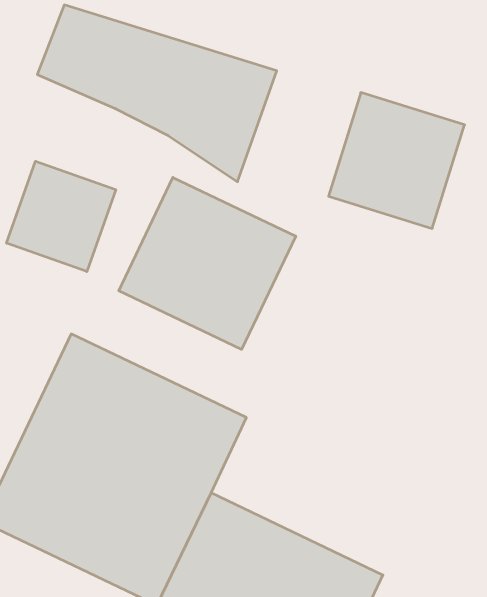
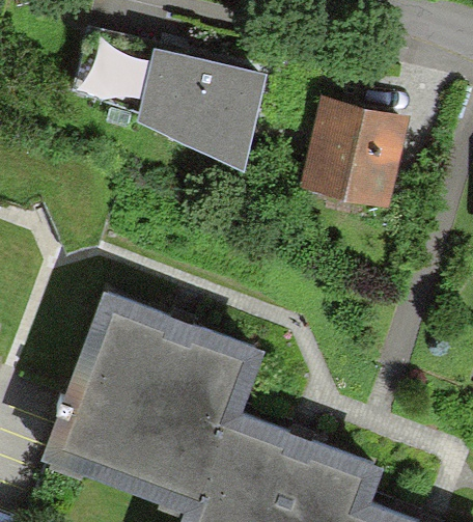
building: [7,161,116,272] -> none
building: [119,177,296,349] -> none

